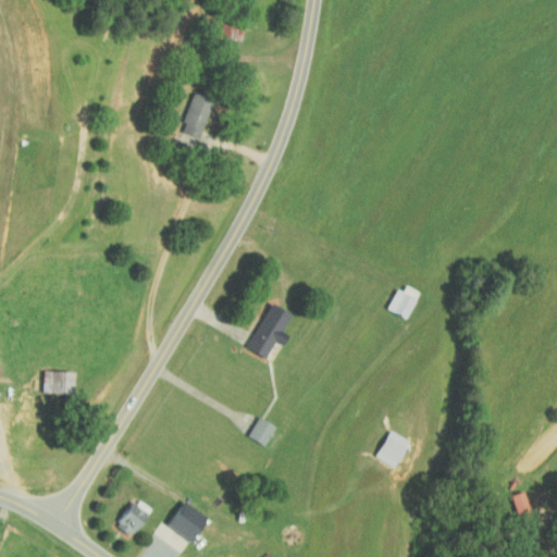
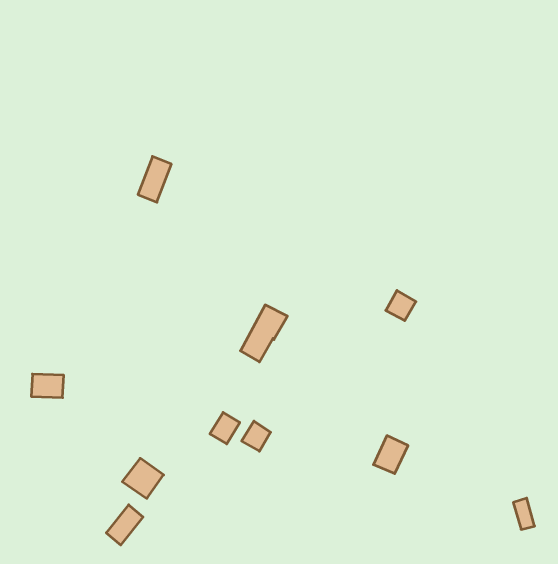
building: [181,94,213,138] -> [138,156,171,202]
building: none -> [210,412,240,444]
building: [168,503,208,542] -> [122,458,164,498]

